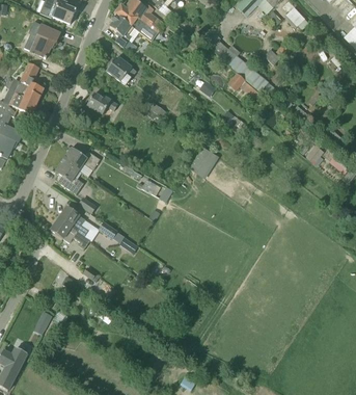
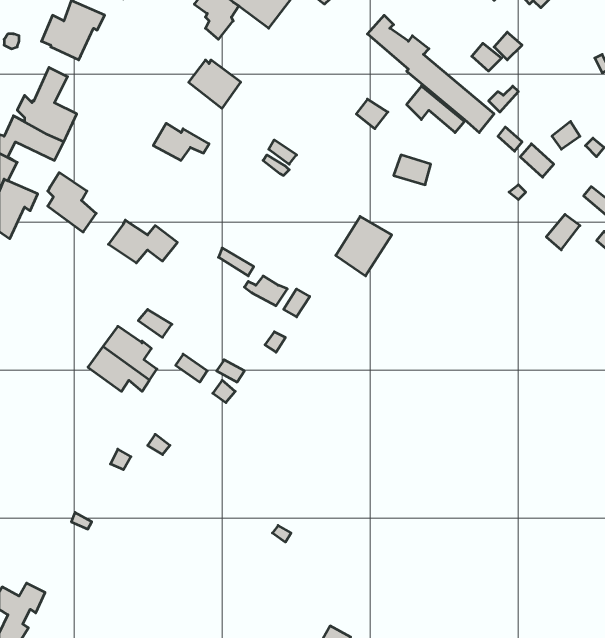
building: [55,160,82,193] -> [48,173,96,232]

